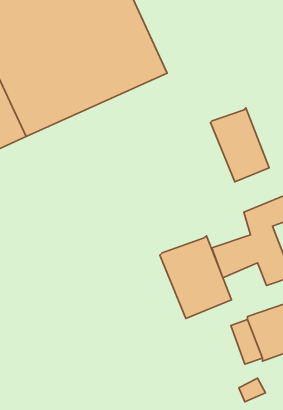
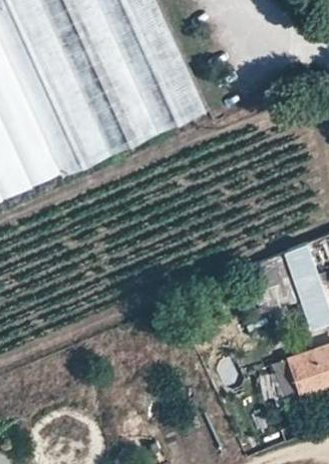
building: [211,108,269,182] -> none
building: [160,236,232,319] -> none

